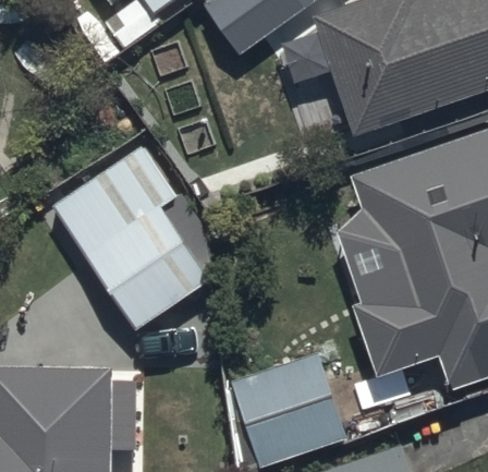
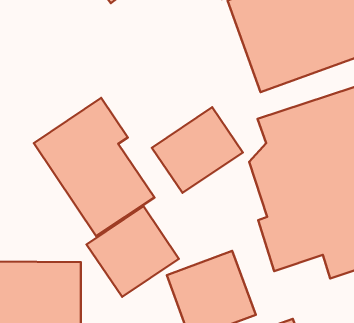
building: none -> [152,107,243,193]
building: none -> [87,206,179,297]

